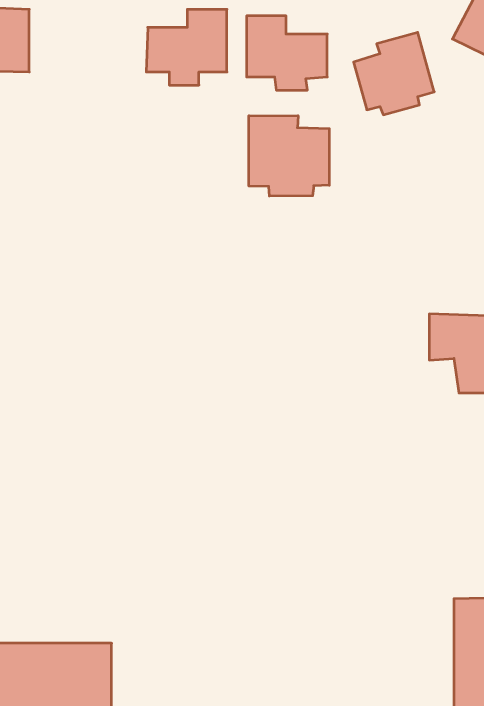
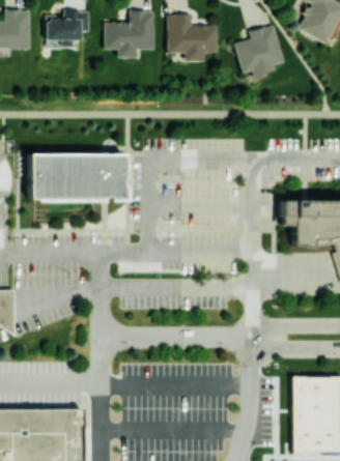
building: none -> [44,10,88,39]
building: [249,116,329,196] -> none
building: none -> [26,155,128,203]

